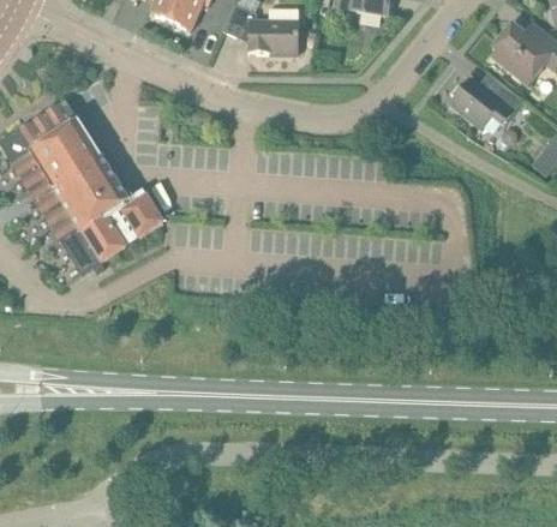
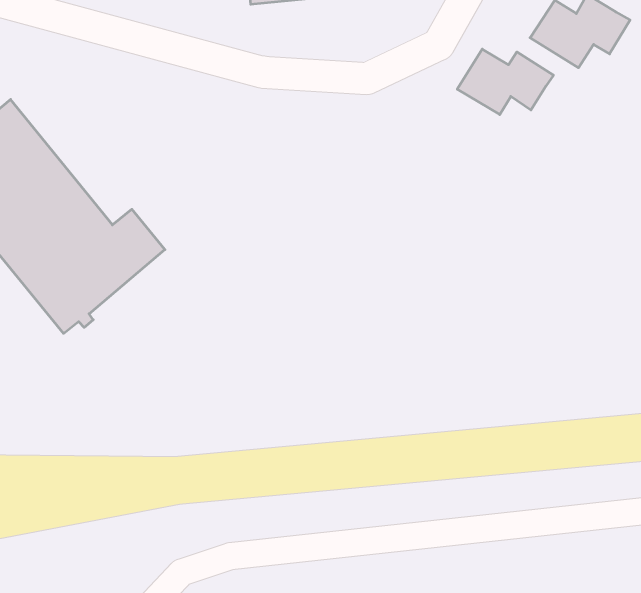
building: none -> [457,49,553,115]

